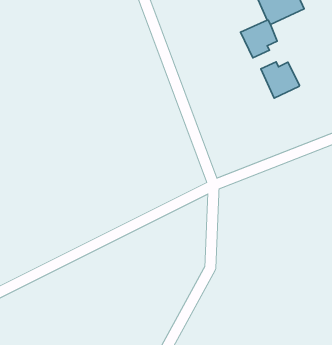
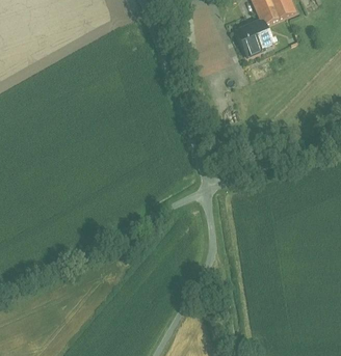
building: [261,62,299,98] -> none

